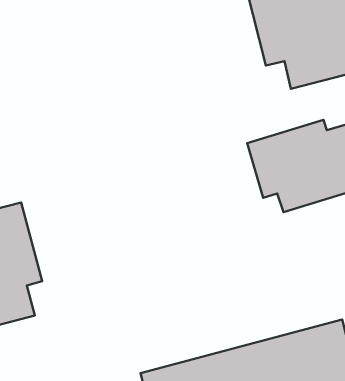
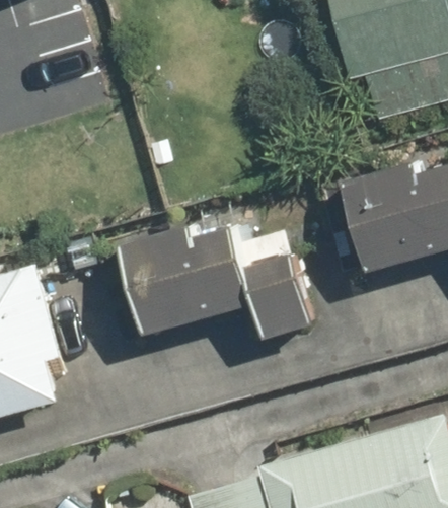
building: none -> [115,222,318,341]

